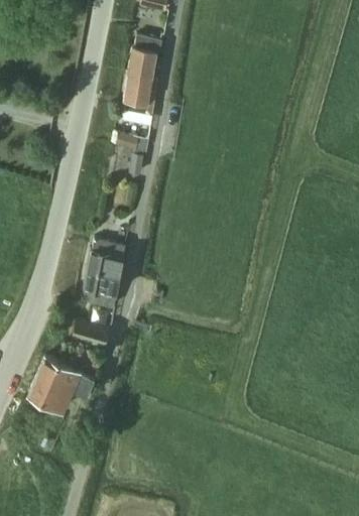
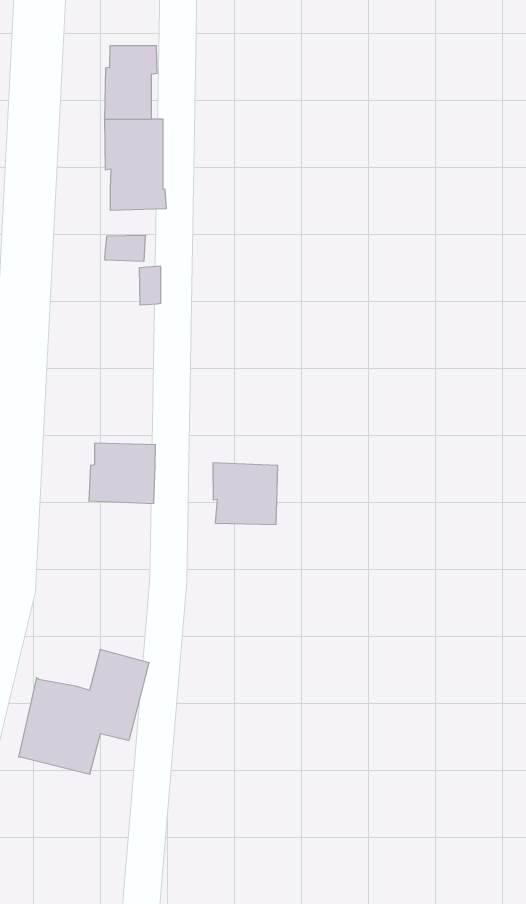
building: [83,269,120,306] -> [213,463,278,525]
building: [74,321,108,347] -> none

